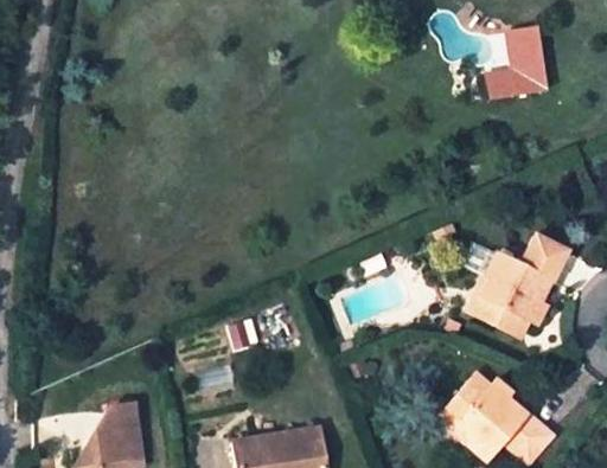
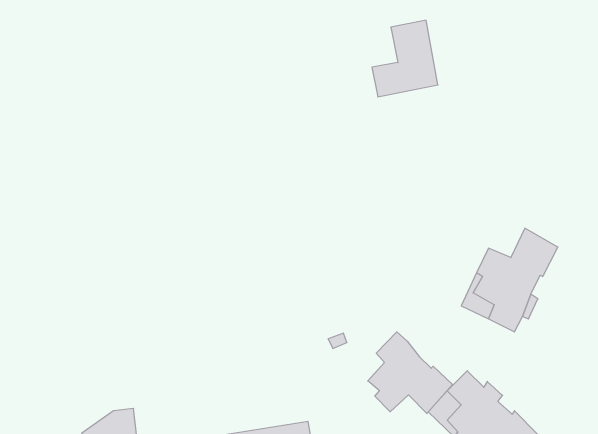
building: [485,25,551,102] -> [372,20,438,97]
building: none -> [368,332,453,414]

